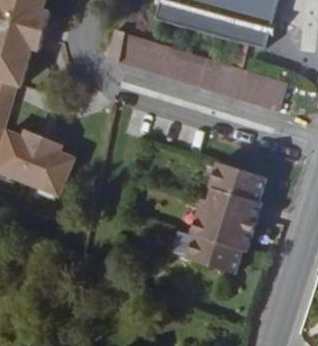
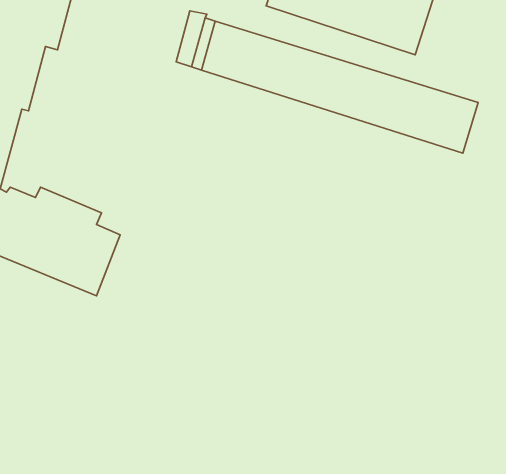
building: [189,172,268,283] -> none

